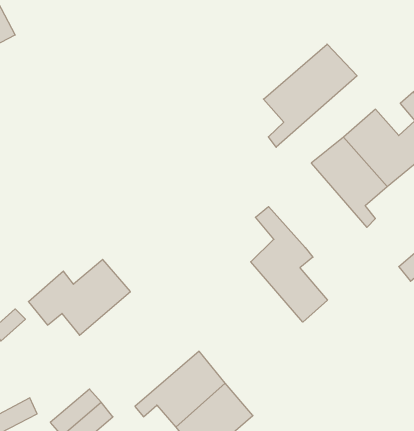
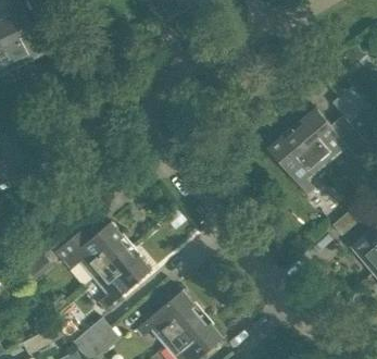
building: [263,44,357,147] -> none
building: [251,207,327,322] -> none
building: none -> [93,244,152,309]

